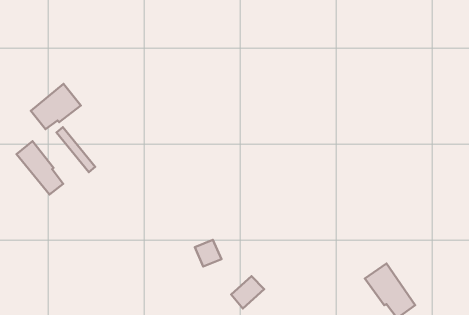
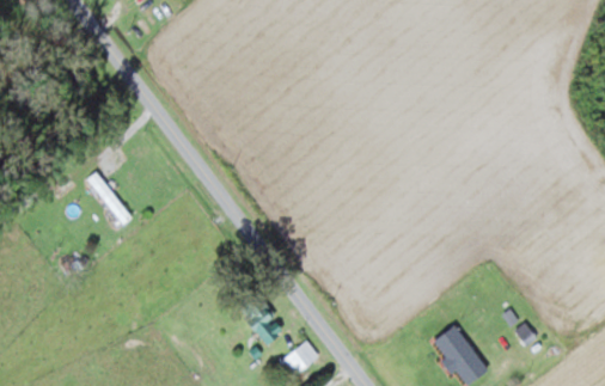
building: [31,84,81,129] -> none
building: [16,141,63,195] -> none

